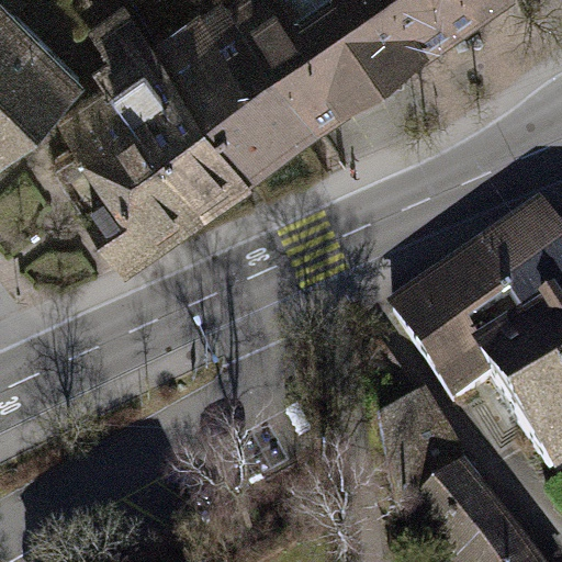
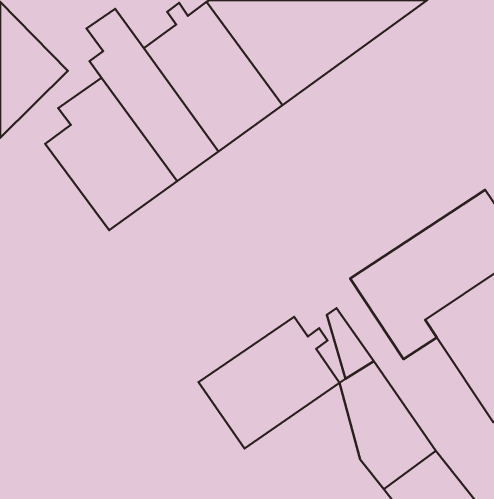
building: none -> [198,317,340,449]

